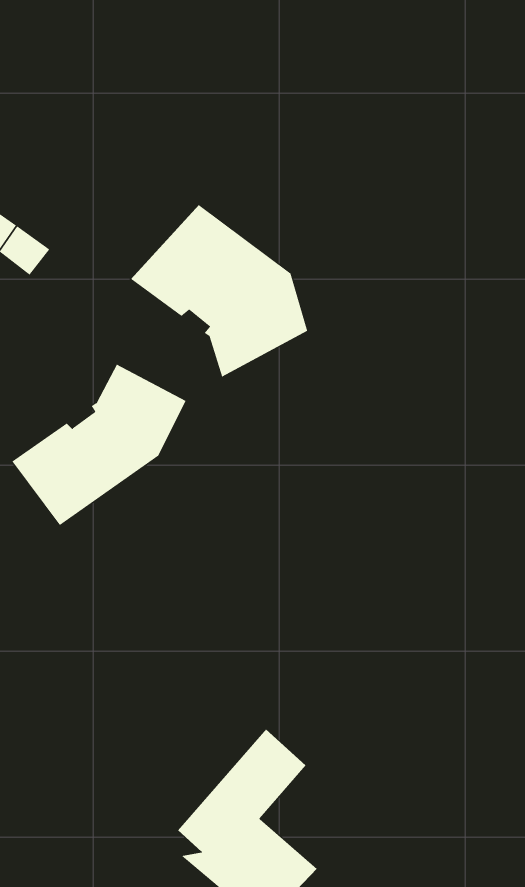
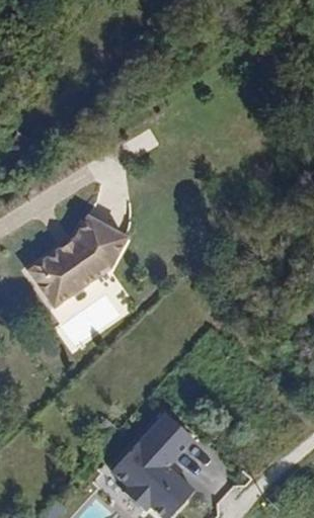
building: [130,204,308,378] -> none

